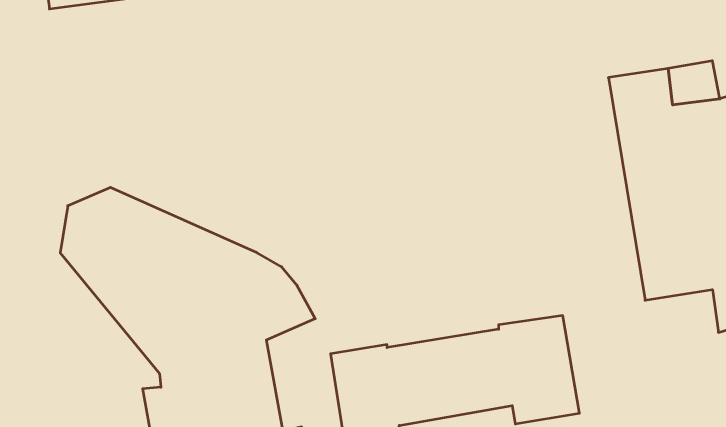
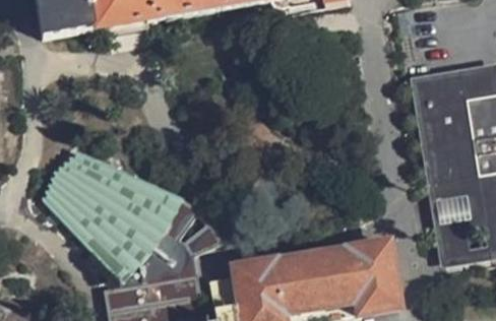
building: none -> [440,222,489,257]

